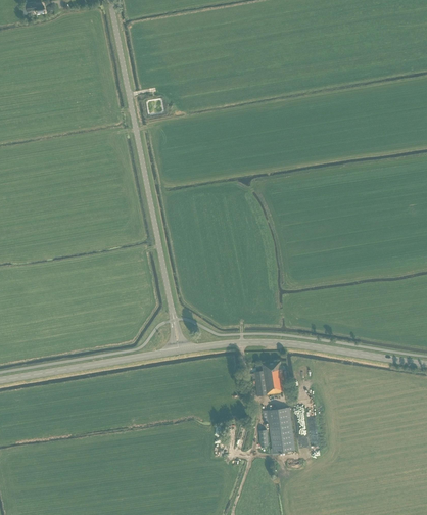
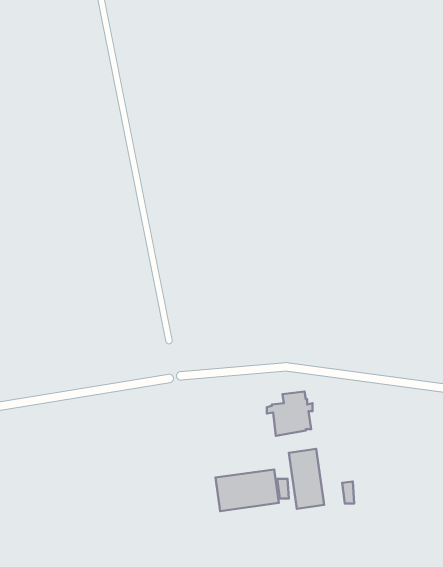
building: none -> [216,469,279,511]

